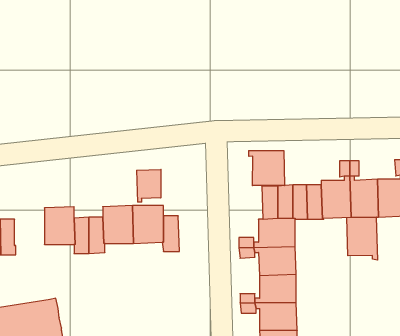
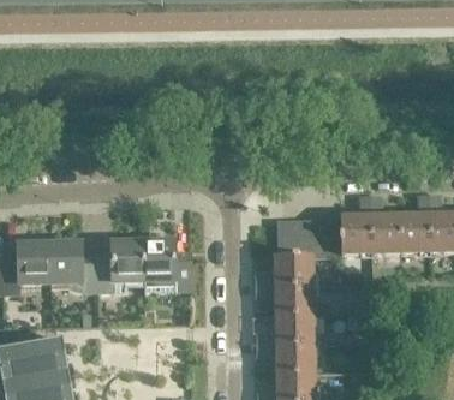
building: [249,151,284,186] -> none
building: [137,169,161,202] -> none
building: none -> [17,244,49,283]
building: [347,217,378,260] -> none

